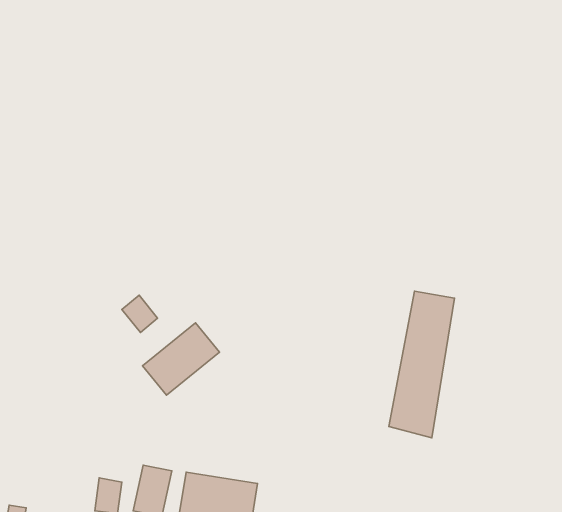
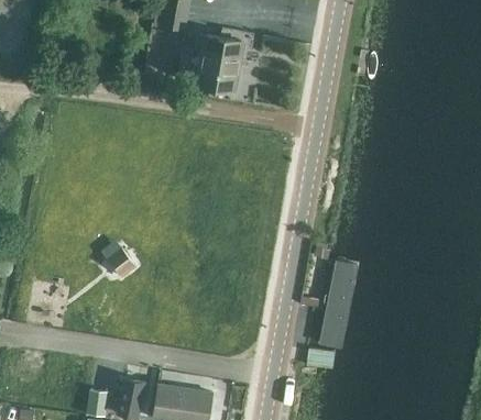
building: none -> [190,36,238,92]
building: [143,323,219,395] -> none

